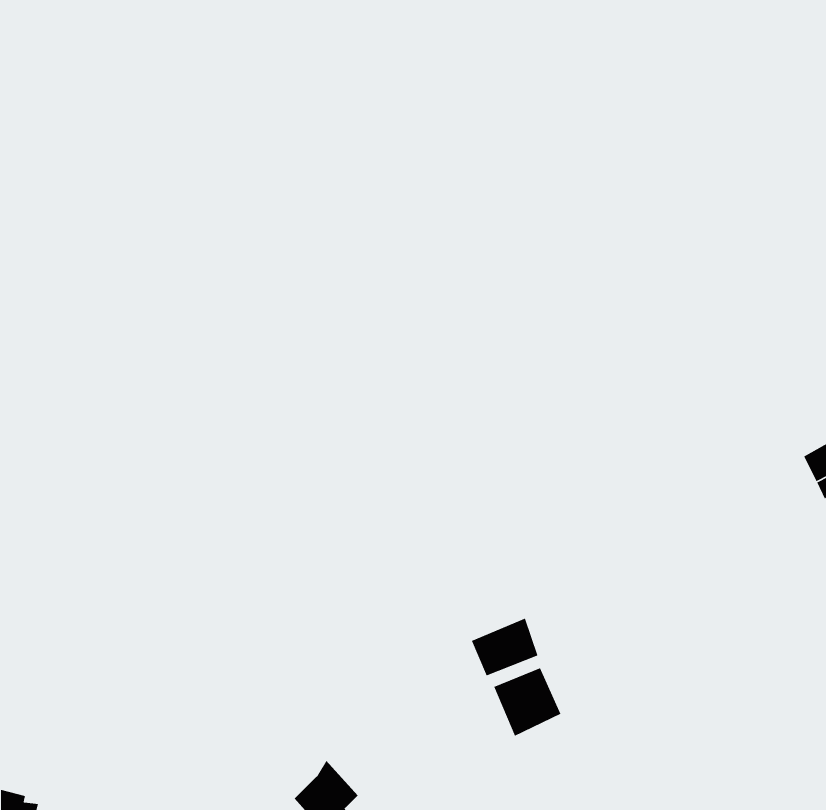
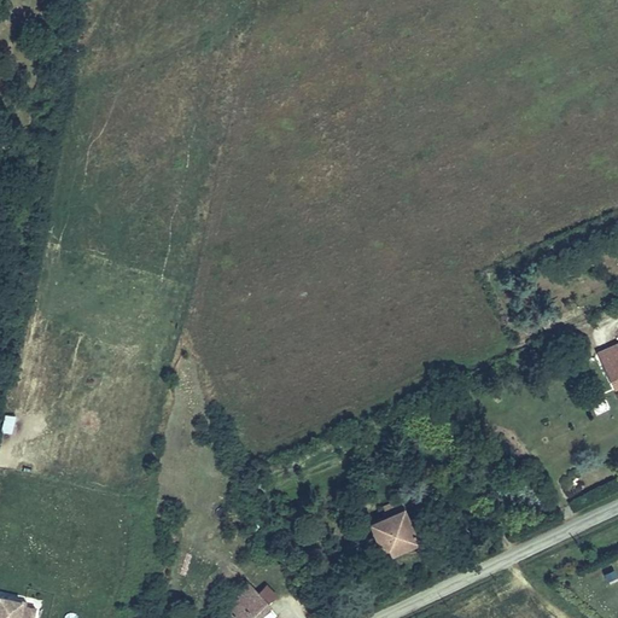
building: [471,617,538,677] -> none

